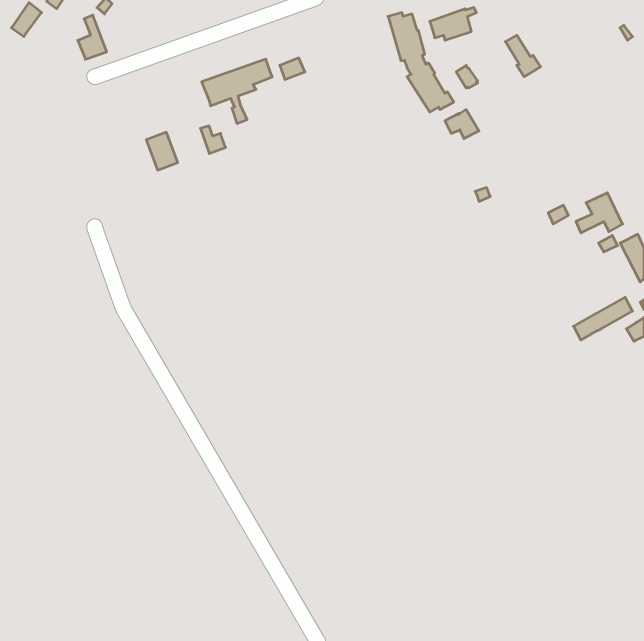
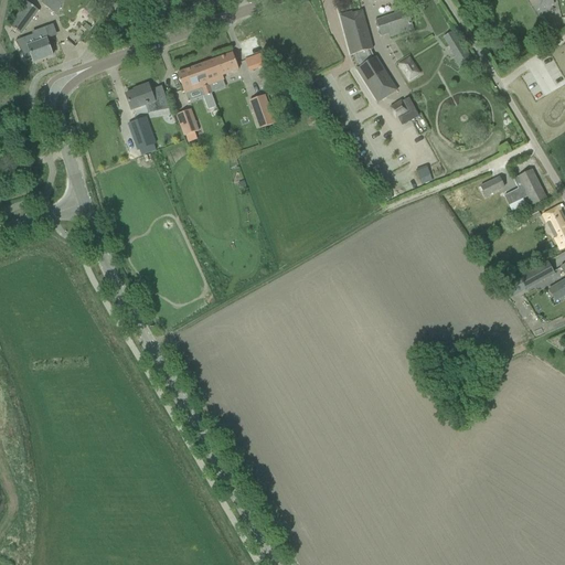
building: [78,15,107,59] -> [28,22,53,61]
building: none -> [126,83,170,109]
building: none -> [249,94,275,128]

